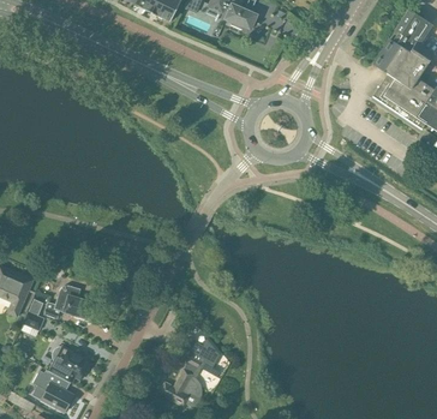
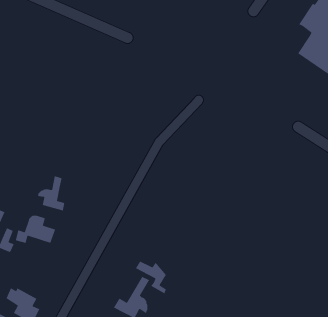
building: none -> [37,175,65,212]
building: [50,345,91,382] -> none

